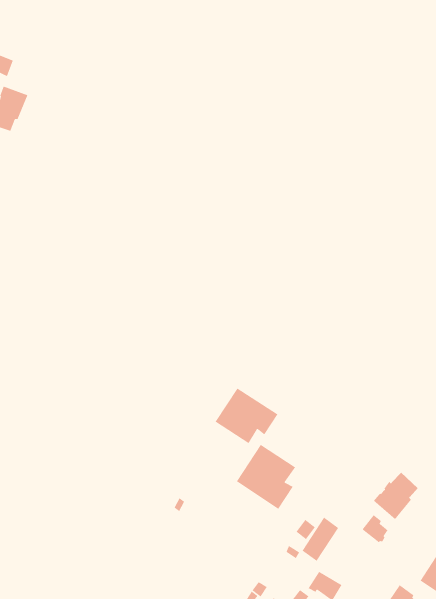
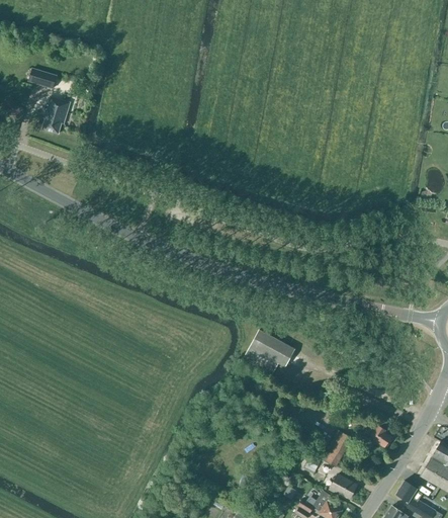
building: [236,444,296,510] -> none
building: [373,472,418,520] -> none

